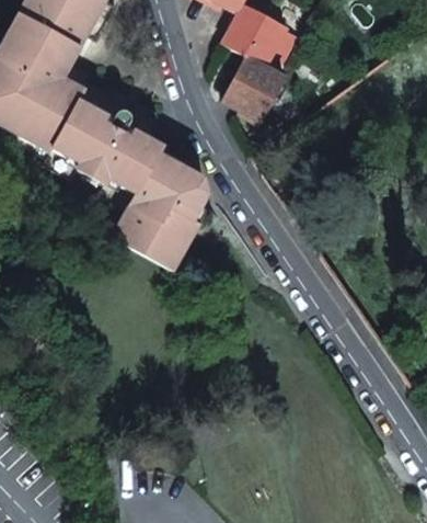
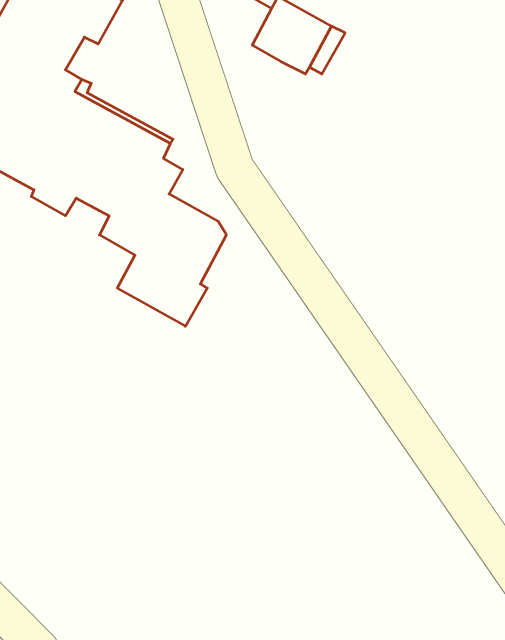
building: [222,56,285,121] -> none

